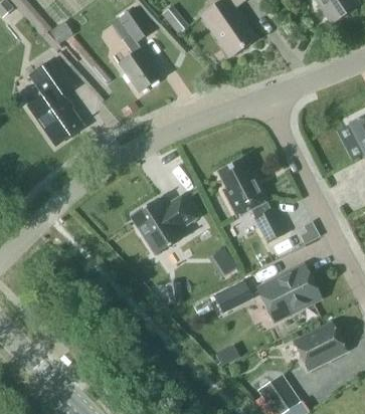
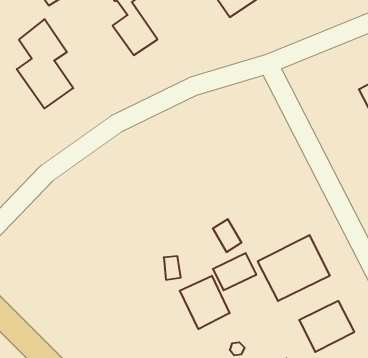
building: [217,160,284,243] -> none
building: [131,195,196,255] -> none
building: none -> [180,276,230,329]

